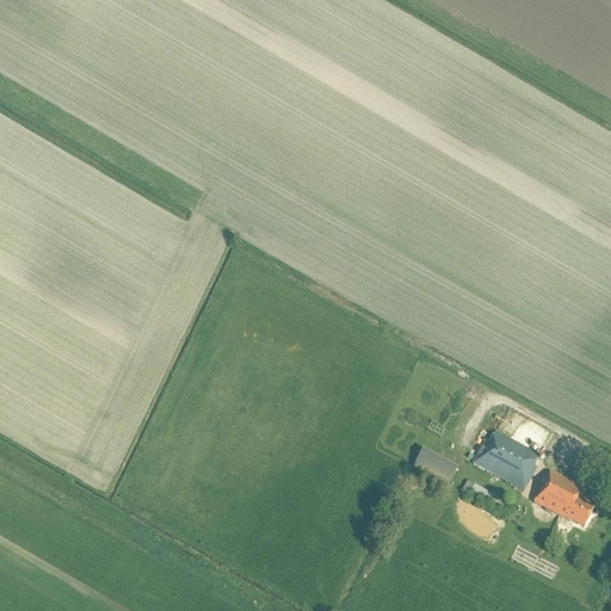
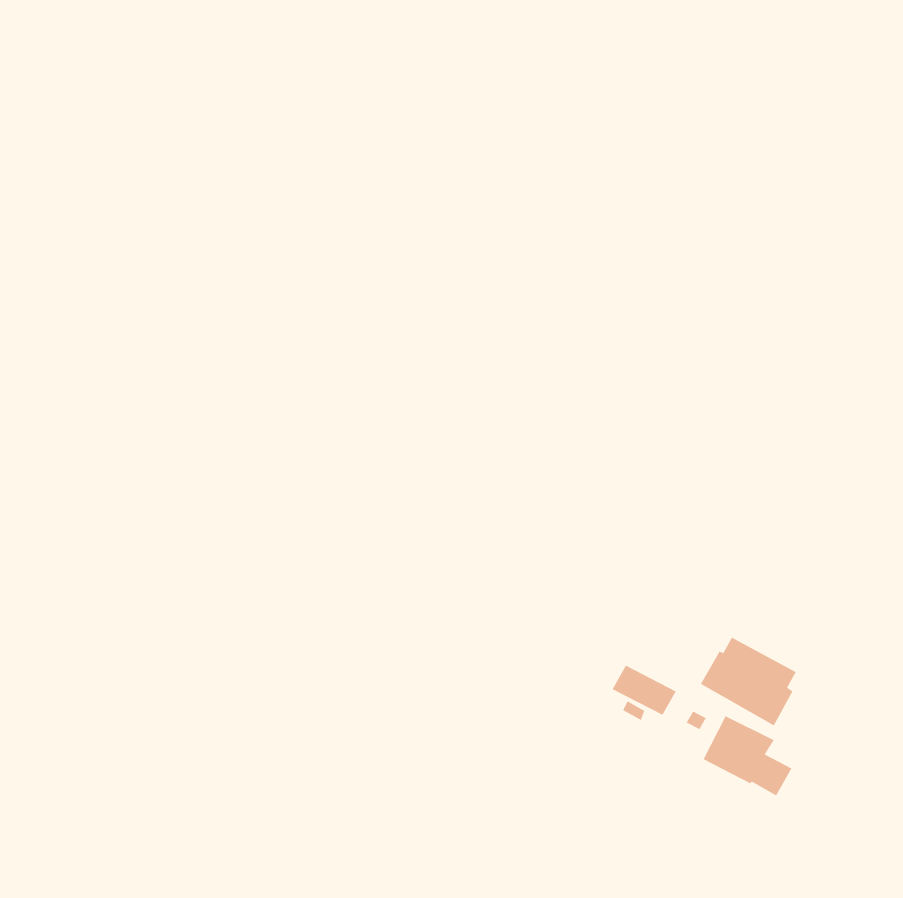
building: [533,471,594,526] -> [702,715,792,796]

